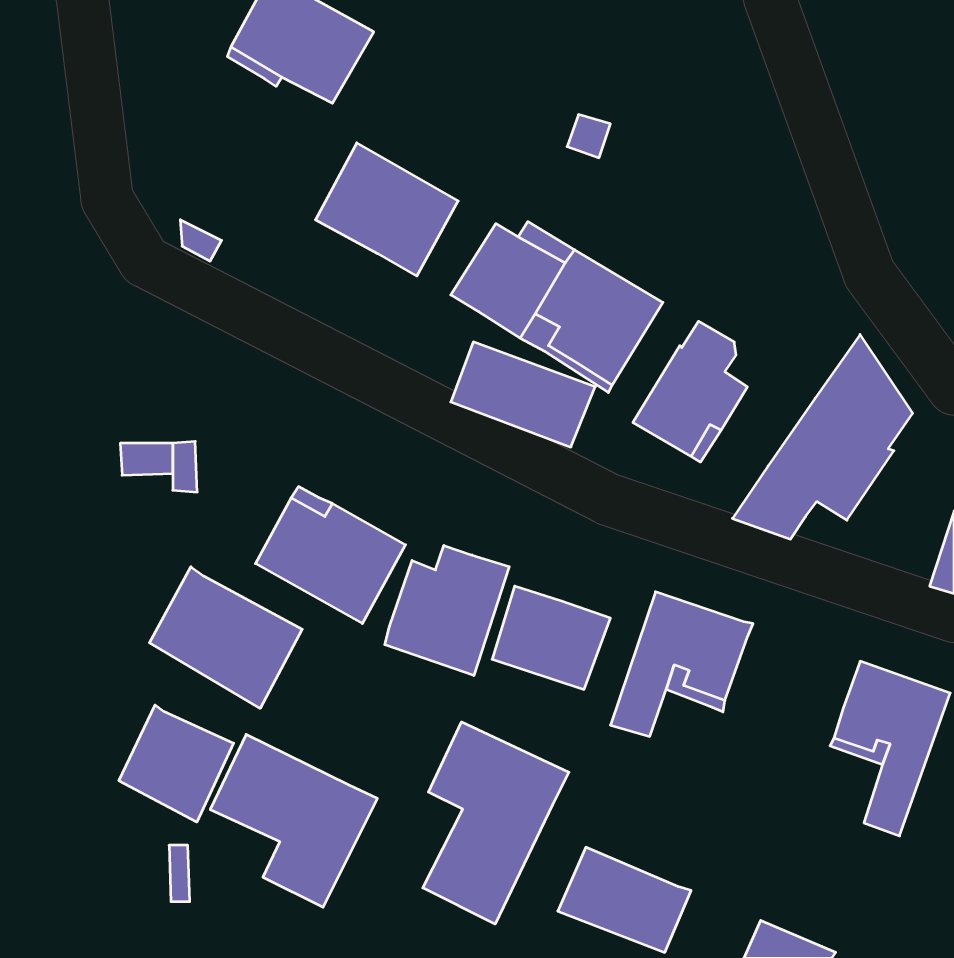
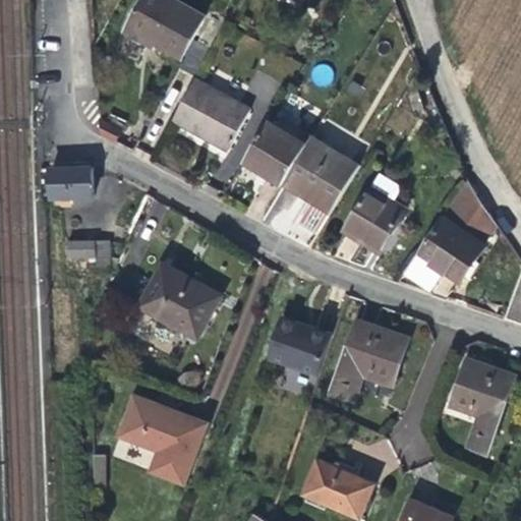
building: none -> [49,167,92,208]
building: [385,545,509,676] -> none
building: [149,567,302,708] -> none
building: [119,705,234,822] -> none
building: [423,722,569,924] -> none

